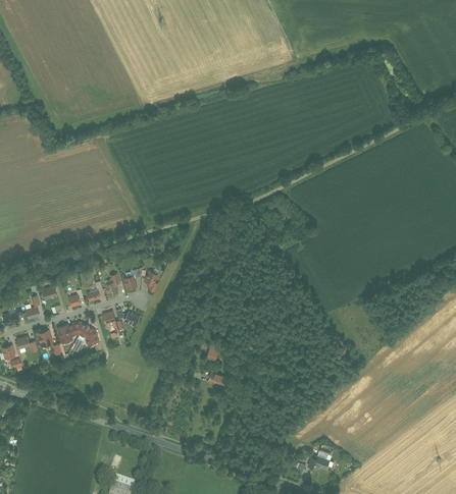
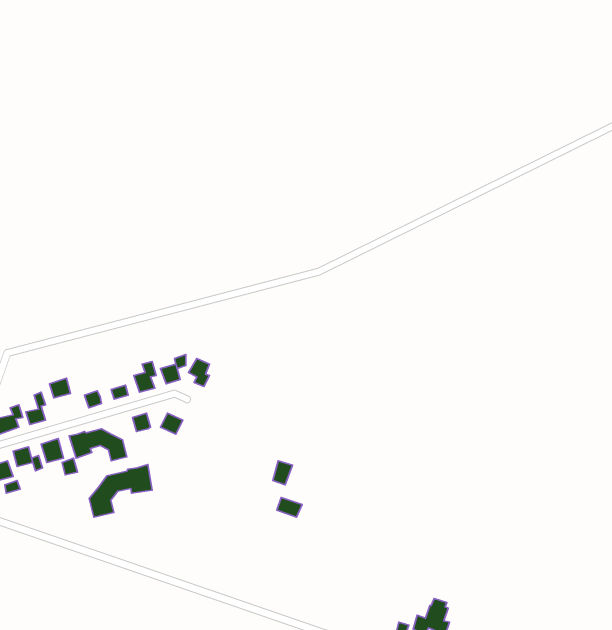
building: none -> [89,465,152,517]

